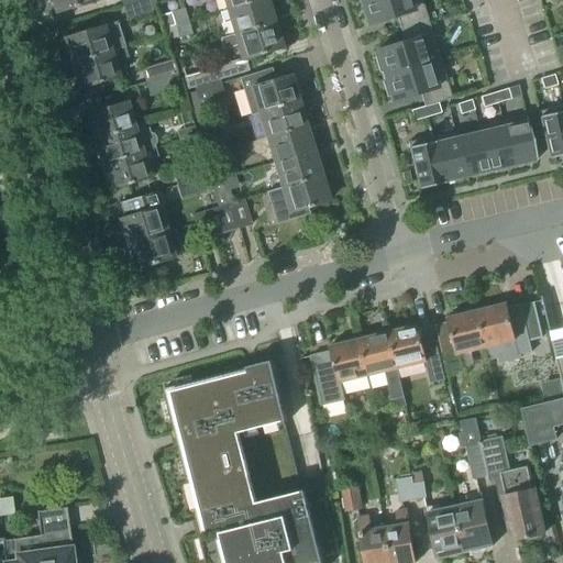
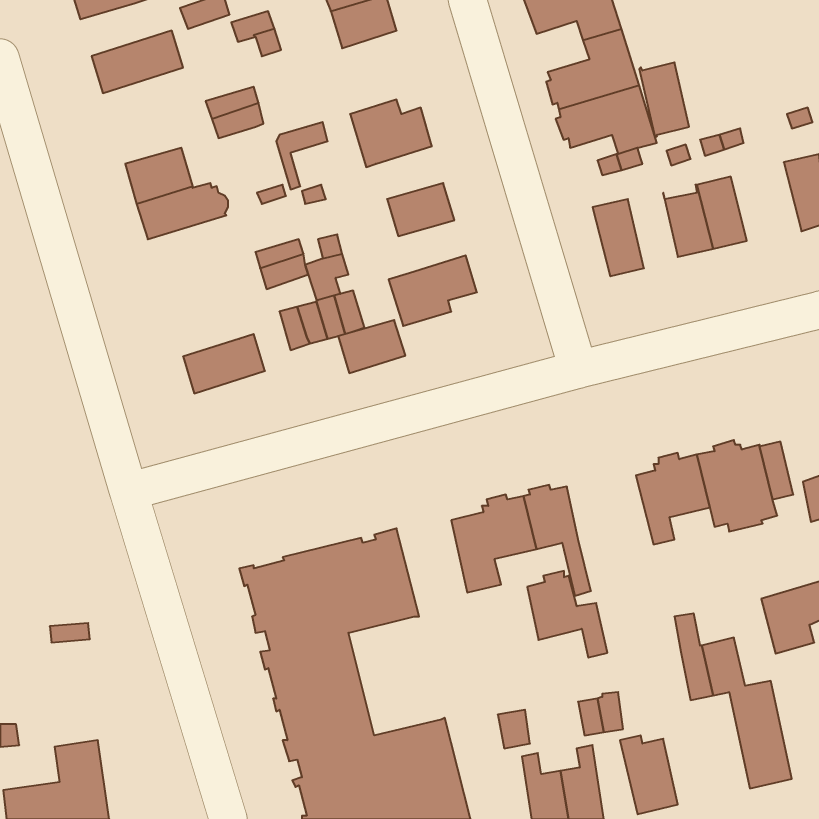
building: [185,21,280,89] -> none
building: [71,46,130,89] -> none
building: [258,100,305,136] -> none
building: [501,115,536,165] -> none
building: [431,132,465,184] -> [639,62,689,138]
building: [102,147,158,188] -> none
building: [274,151,320,187] -> [338,320,405,373]
building: [119,190,165,244] -> none
building: [389,322,444,382] -> [527,571,607,658]
building: [455,495,493,551] -> none

